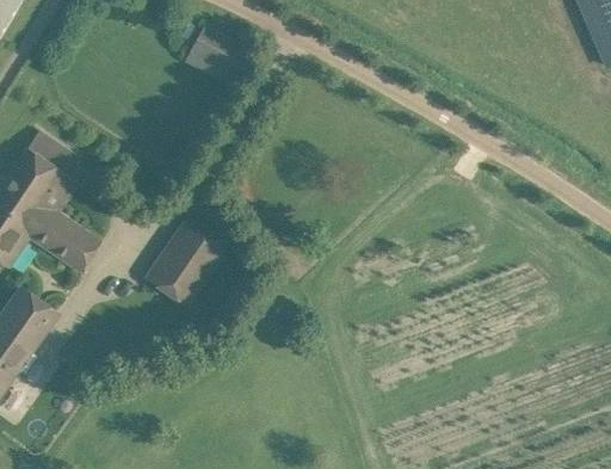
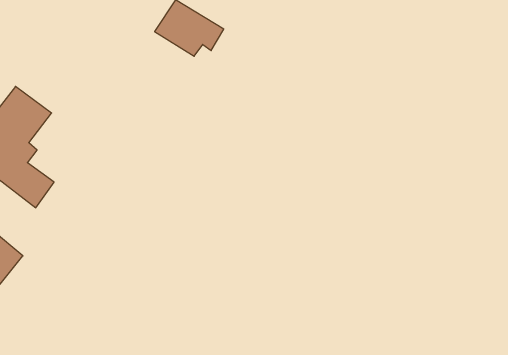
building: [144,212,230,306] -> none

